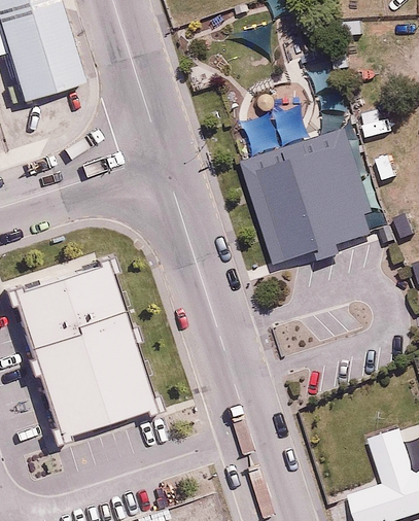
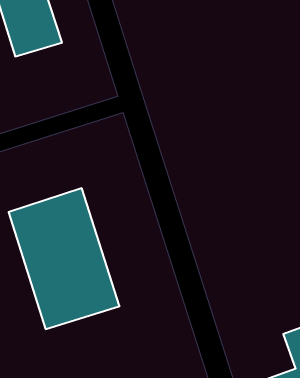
building: [240,134,373,266] -> none

